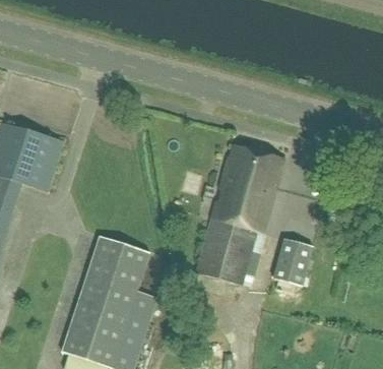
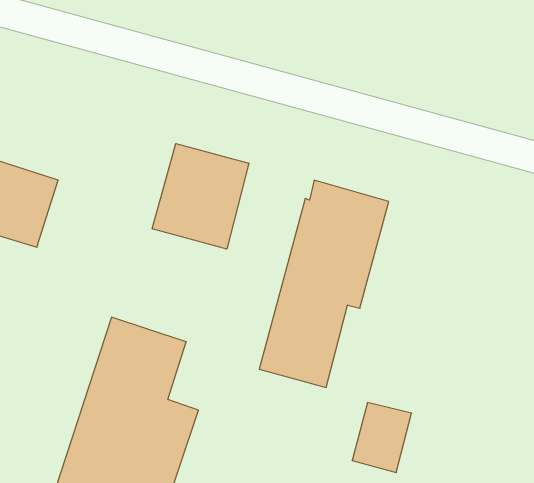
building: none -> [152,144,249,249]
building: [273,238,313,285] -> [352,403,412,473]

